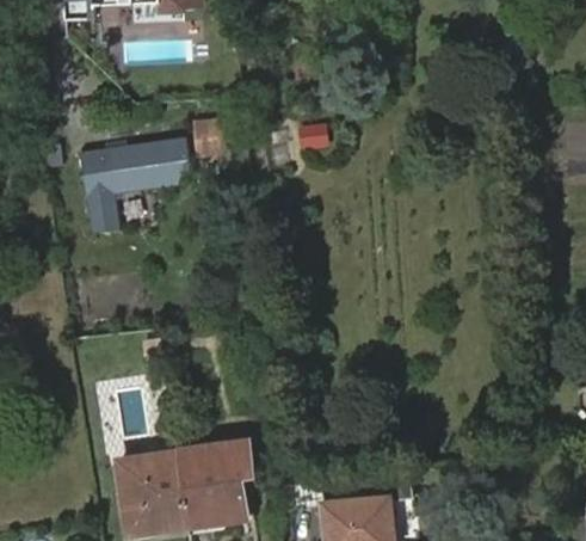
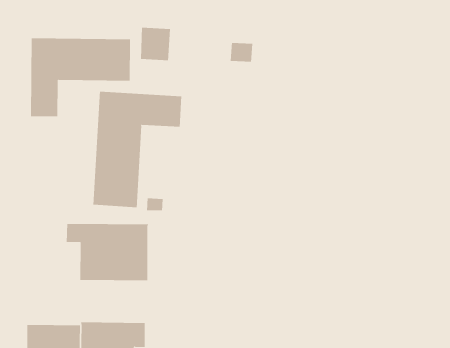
building: none -> [93,91,182,208]
building: none -> [66,223,149,281]

